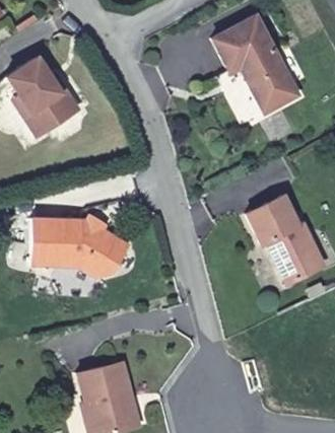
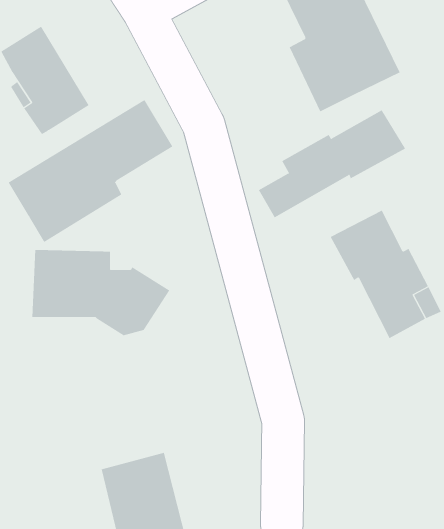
building: none -> [8,99,173,243]
building: none -> [258,109,406,218]

